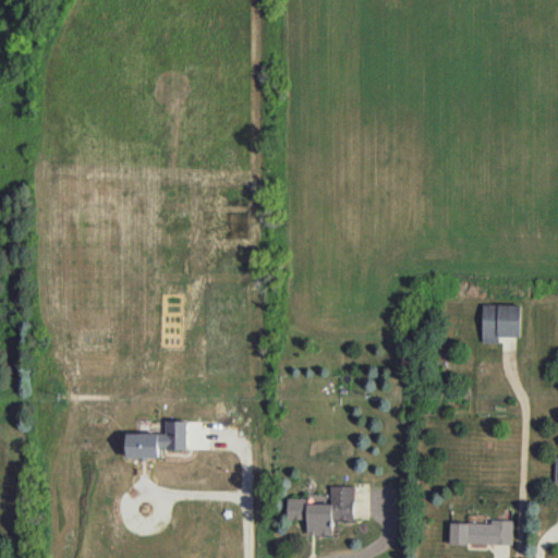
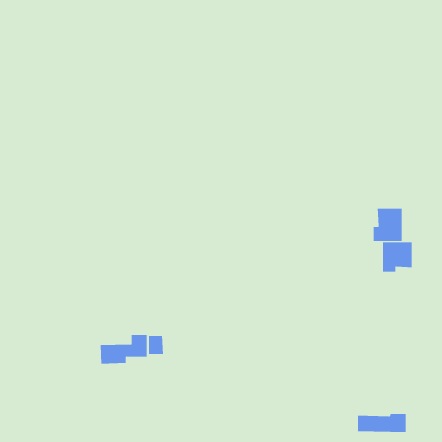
building: none -> [373,208,402,242]
building: [286,486,353,535] -> none

